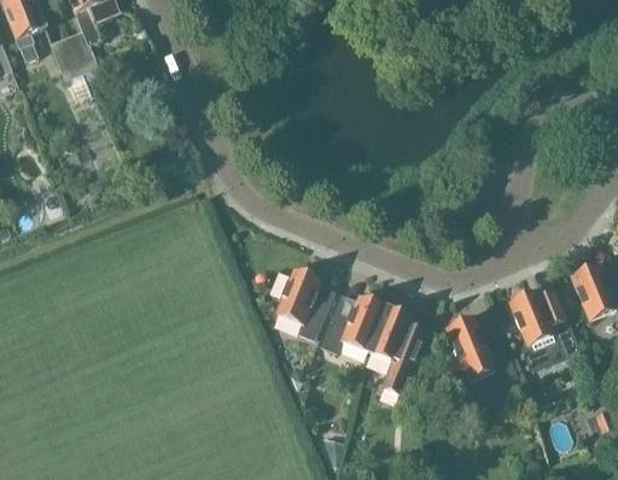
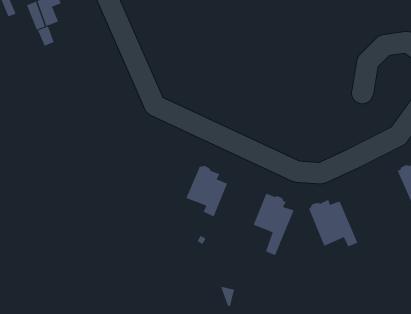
building: [508,288,578,370] -> none
building: [321,293,386,351] -> none

